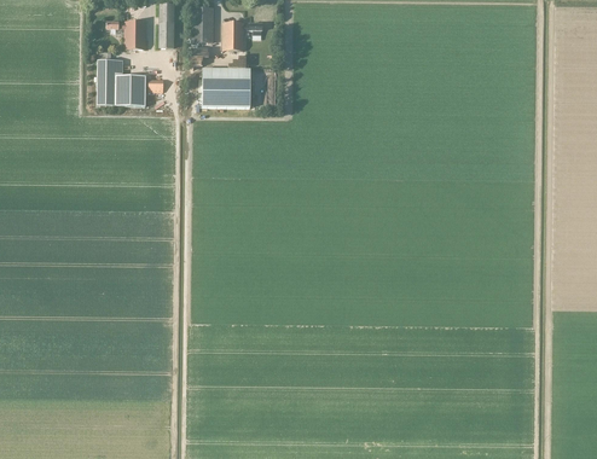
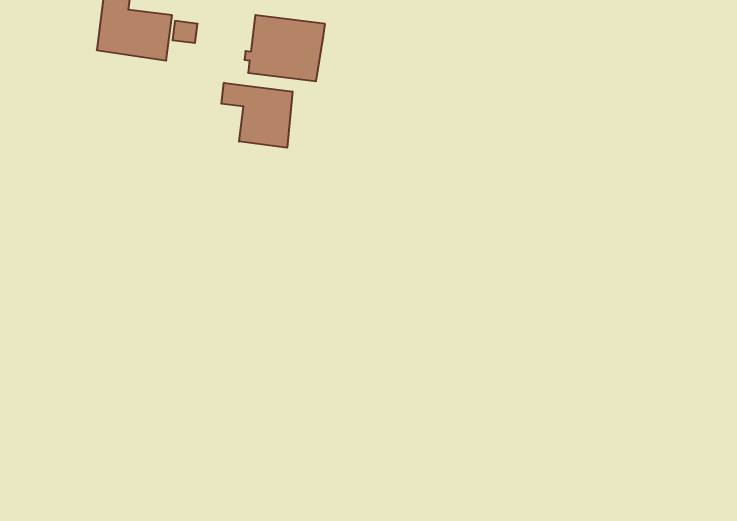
building: none -> [221,83,292,148]

